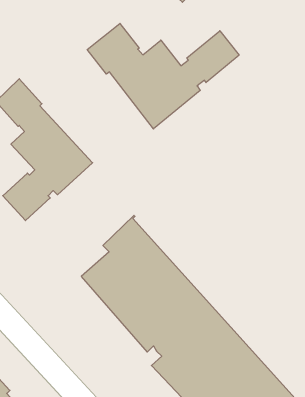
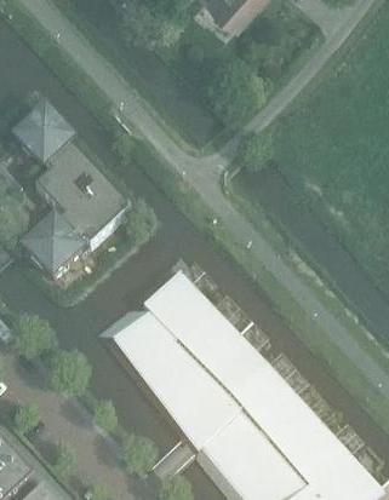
building: [87,23,239,129] -> none

